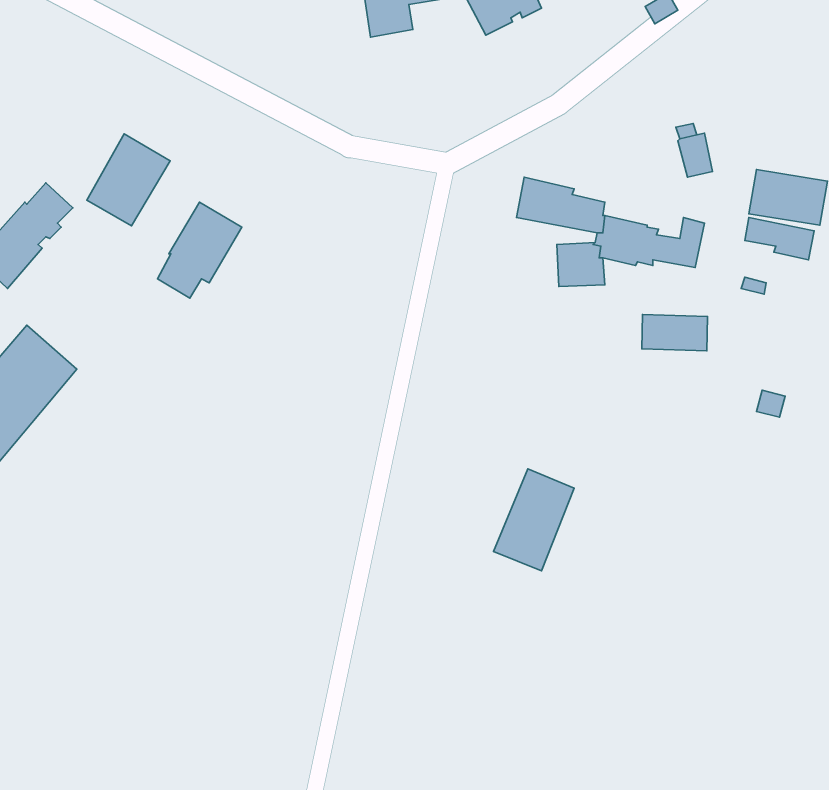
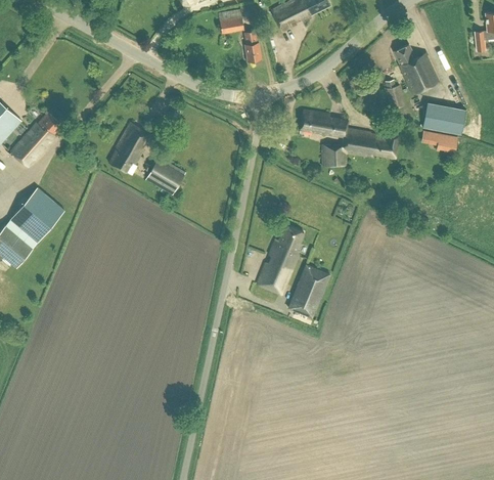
building: none -> [244,30,262,60]
building: none -> [394,43,437,93]
building: [87,134,170,226] -> none
building: none -> [146,157,186,198]
building: [642,315,708,351] -> none
building: none -> [257,225,303,295]

